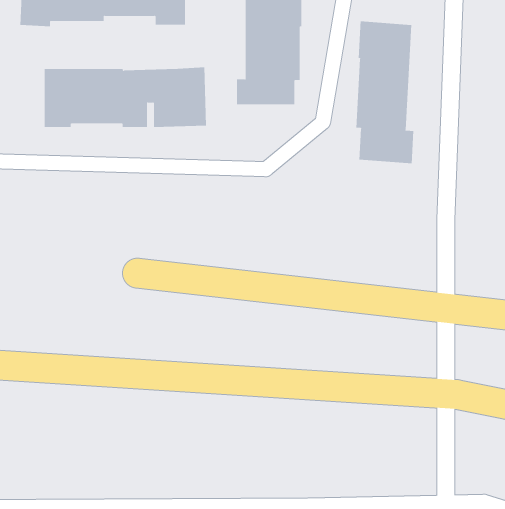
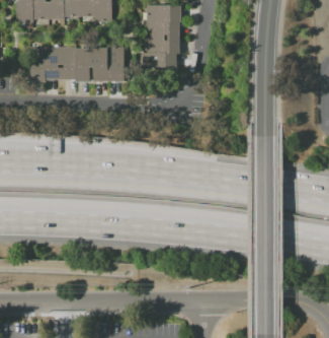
building: [356,21,414,164] -> none

